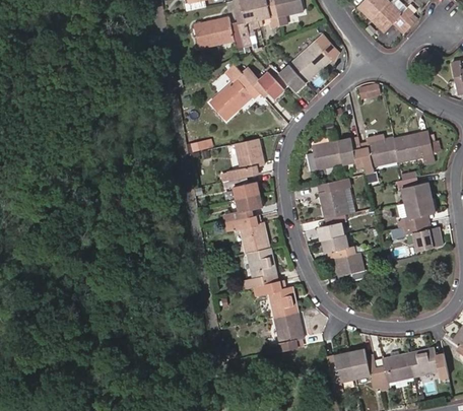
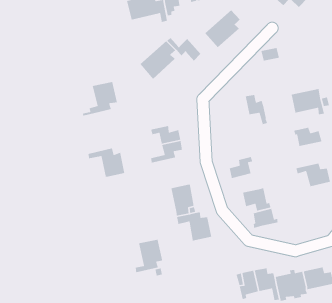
building: [267,64,305,91] -> none
building: [360,137,398,168] -> none
building: [221,138,265,181] -> [82,81,118,116]
building: [306,140,342,170] -> none
building: [317,178,350,218] -> none
building: [396,196,435,227] -> none
building: [223,215,269,252] -> [88,148,125,178]
building: [322,234,353,260] -> [253,208,279,229]
building: [269,312,304,353] -> [135,239,163,273]

